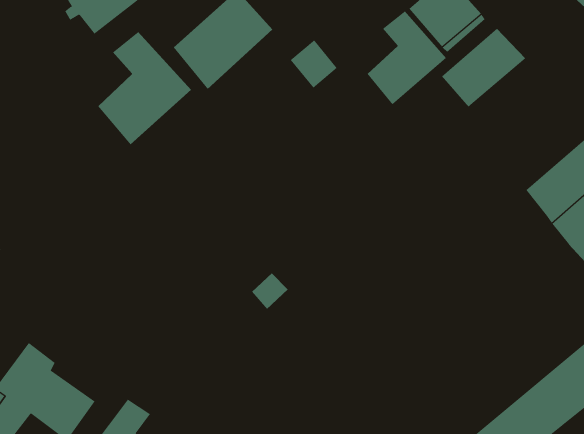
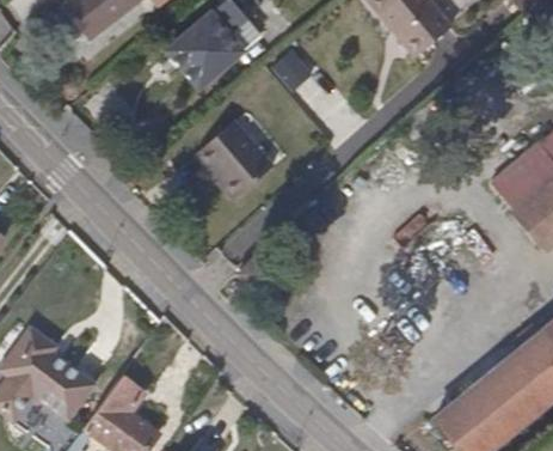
building: [367,10,447,105] -> none
building: [441,28,526,108] -> none
building: [97,31,192,145] -> none
building: none -> [197,123,275,202]

